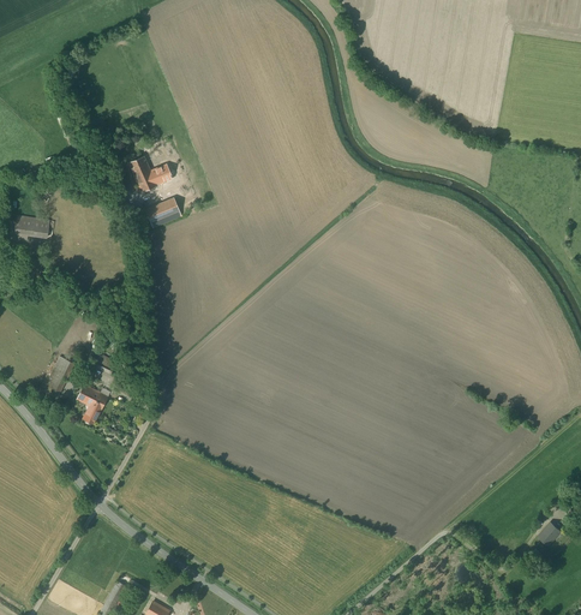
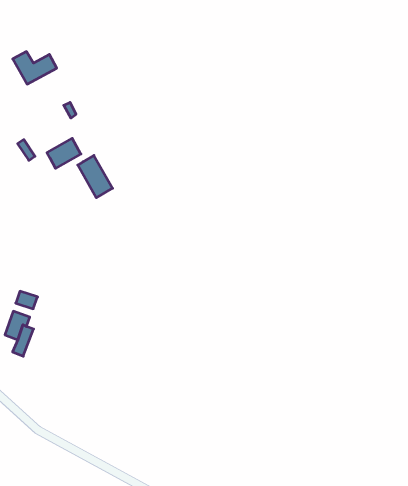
building: [127,157,173,192] -> [13,52,57,84]
building: none -> [78,155,113,198]

